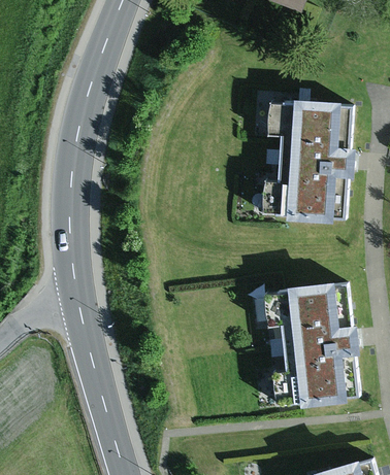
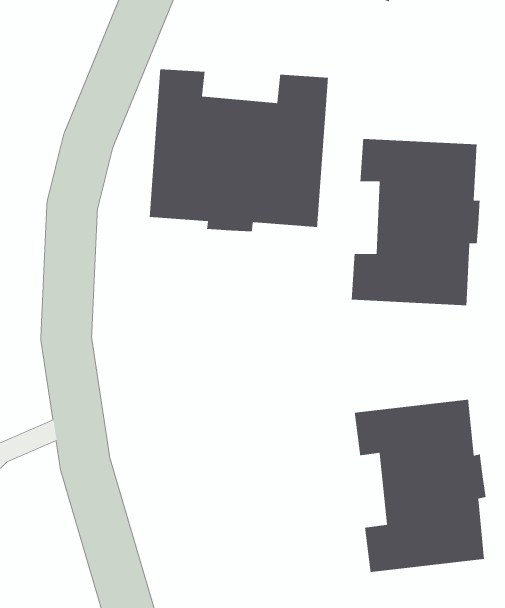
building: none -> [149,69,329,232]

